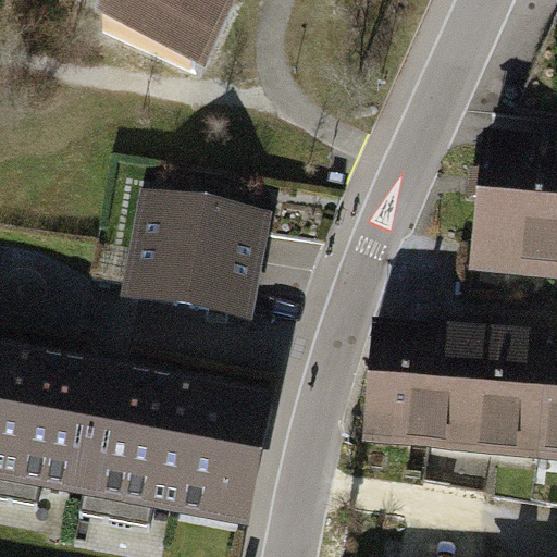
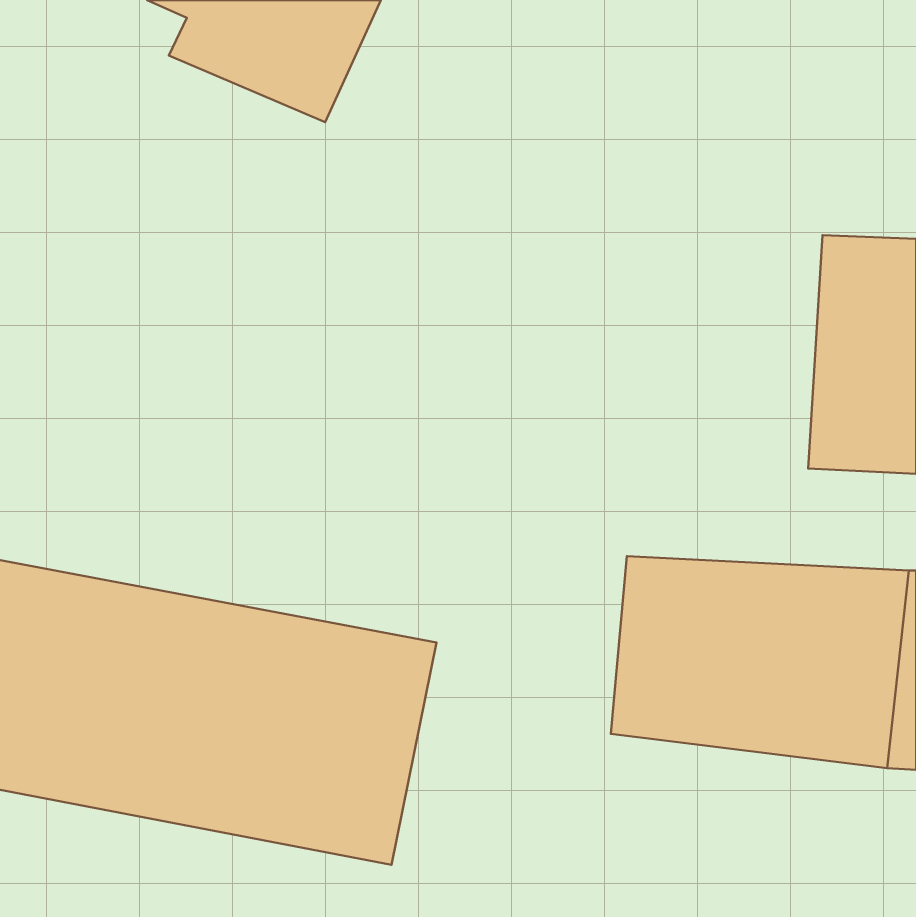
building: [128,200,269,323] -> none

